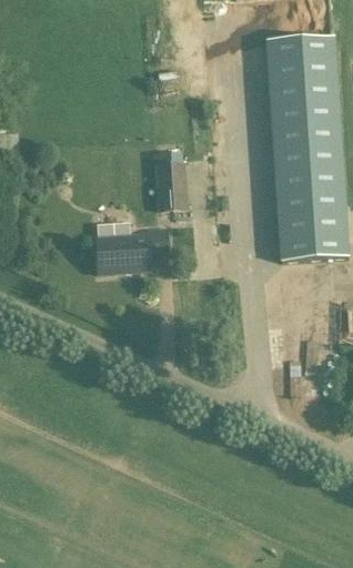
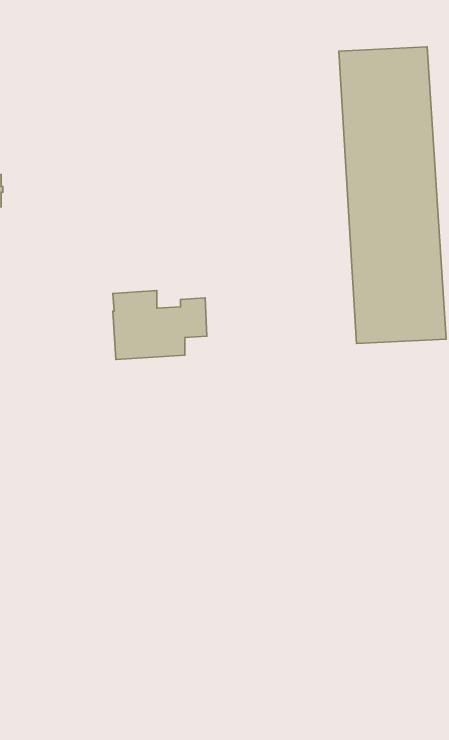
building: [159,161,186,211] -> none

